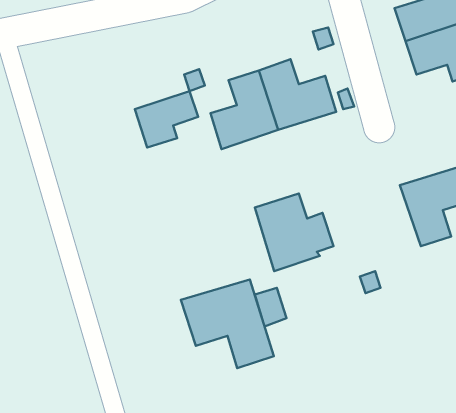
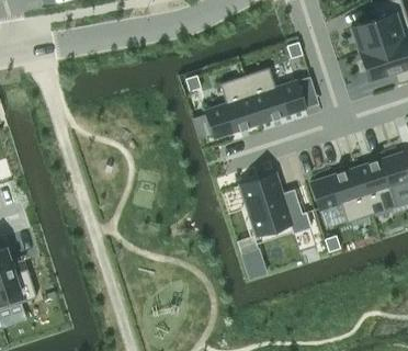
building: [135,91,198,148] -> none
building: none -> [310,168,372,224]
building: [181,280,274,368] -> none

